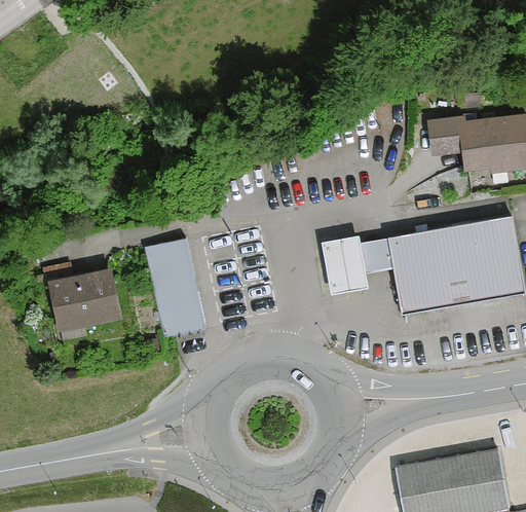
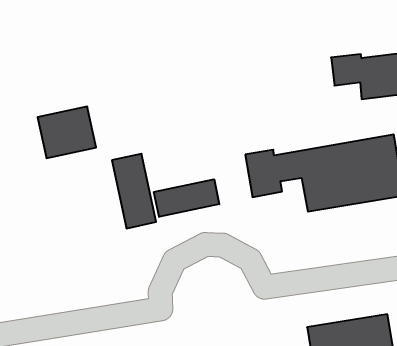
building: [44,271,119,337] -> [38,107,96,158]
building: none -> [154,179,219,217]

